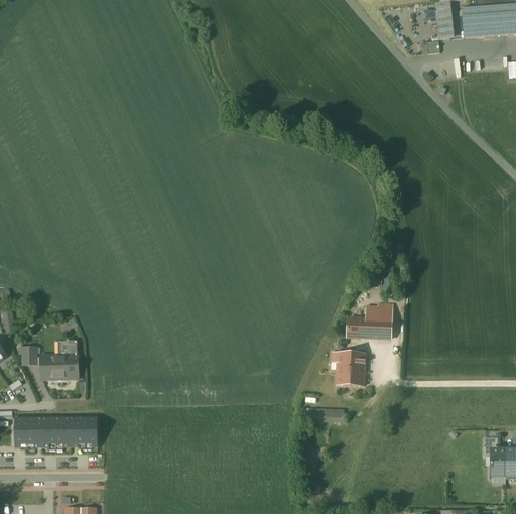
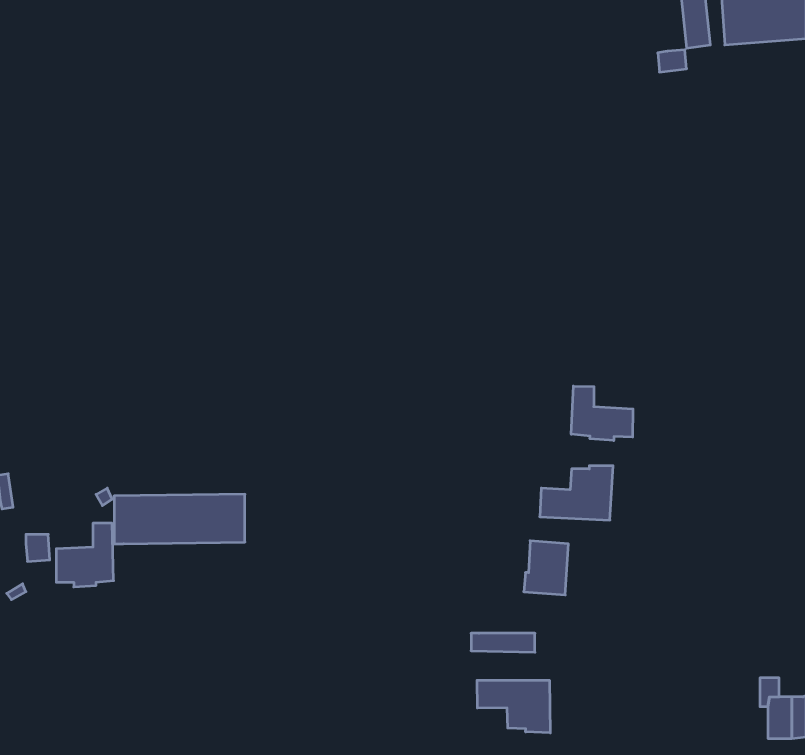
building: none -> [571,386,633,441]
building: [15,416,98,447] -> [114,494,245,544]
building: none -> [477,680,550,733]

